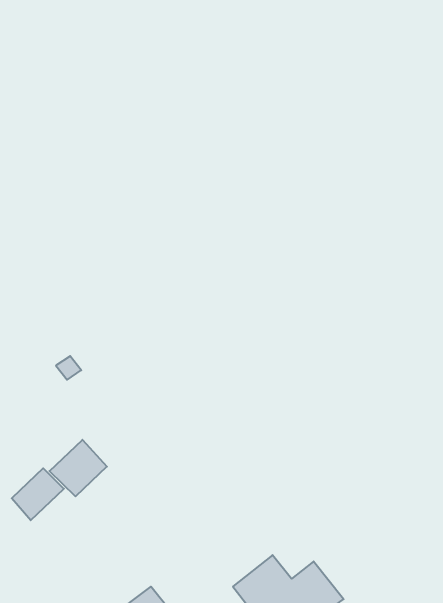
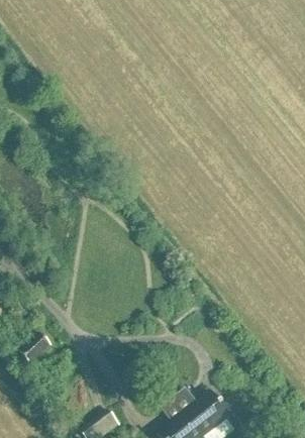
building: [49,440,107,496] -> none

